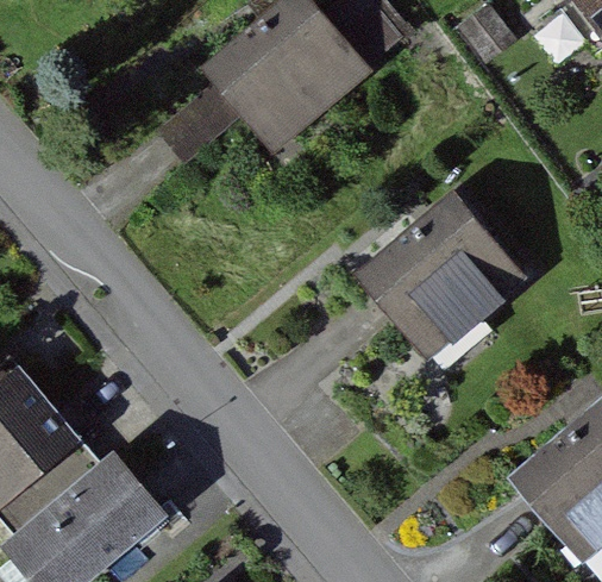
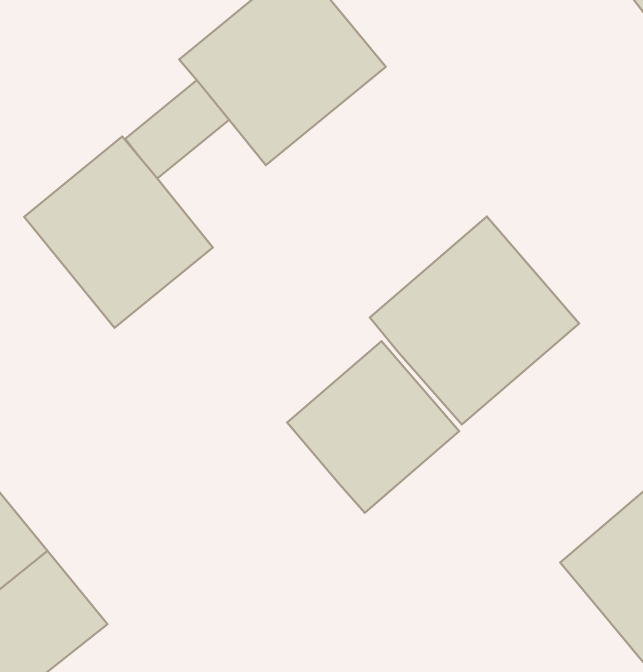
building: none -> [24,137,213,328]
building: none -> [287,341,459,513]

